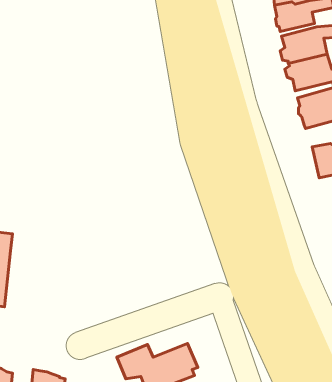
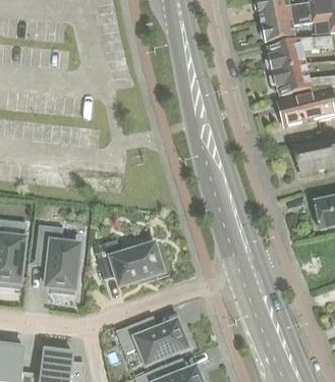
building: none -> [34,224,78,294]
building: none -> [93,239,167,285]

